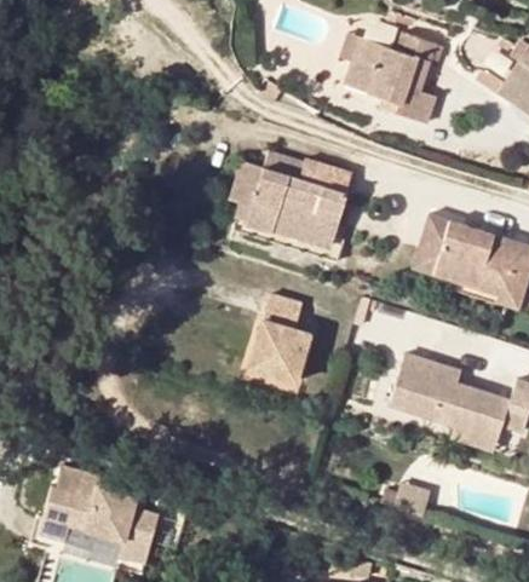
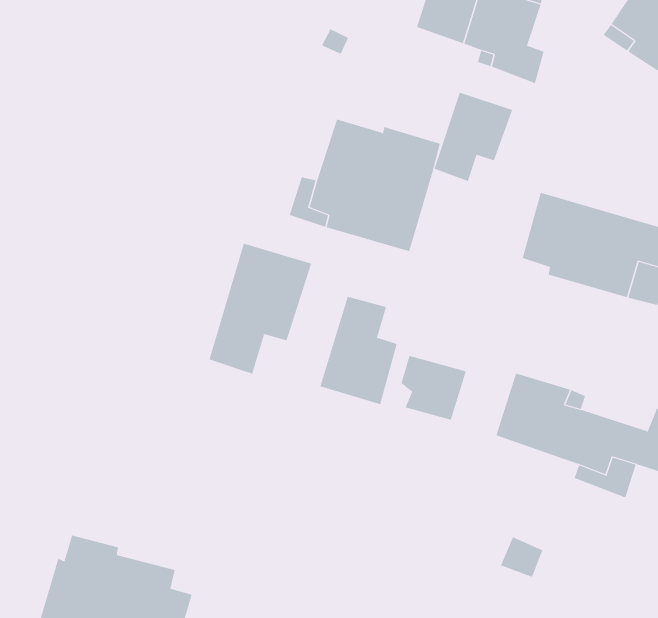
building: none -> [434,92,513,182]
building: none -> [209,243,312,374]
building: none -> [401,355,467,420]

